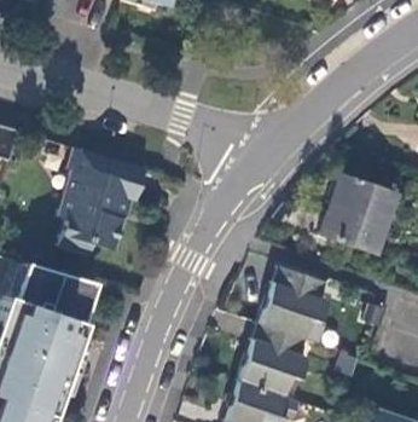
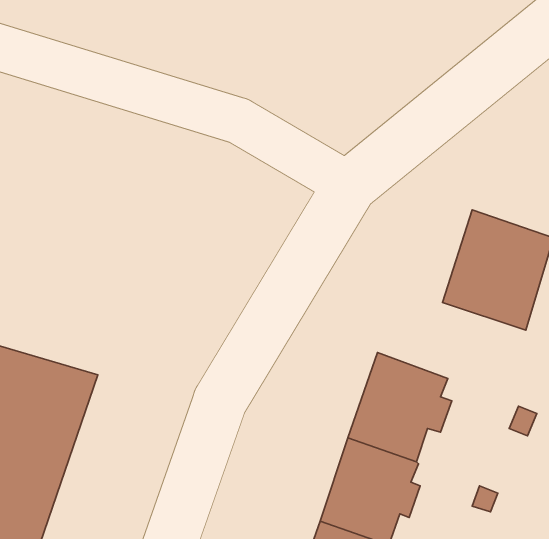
building: [58,149,145,256] -> none

